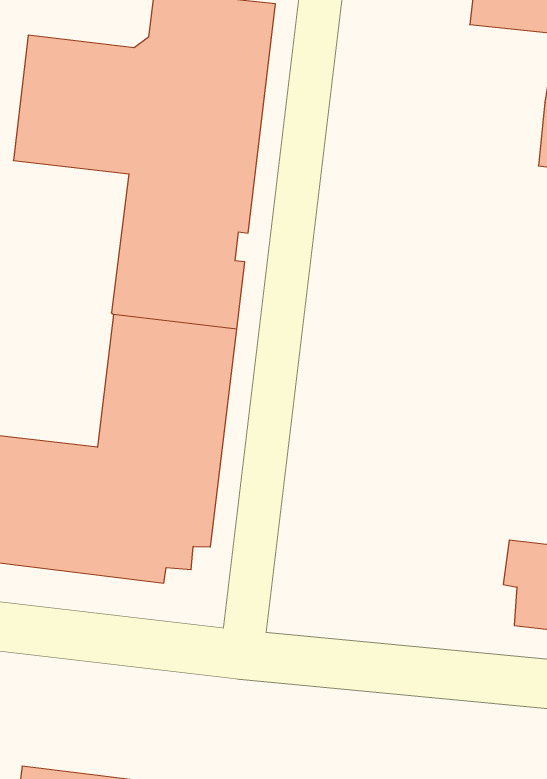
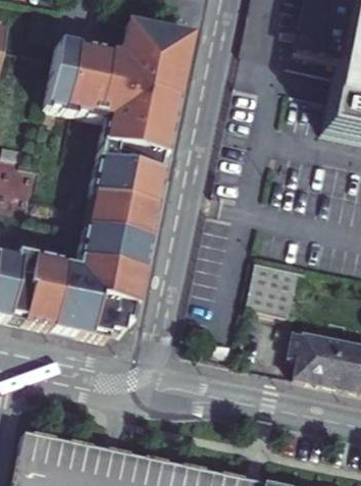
building: none -> [248,260,301,314]

